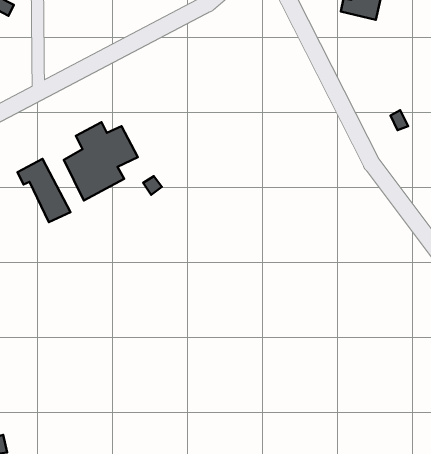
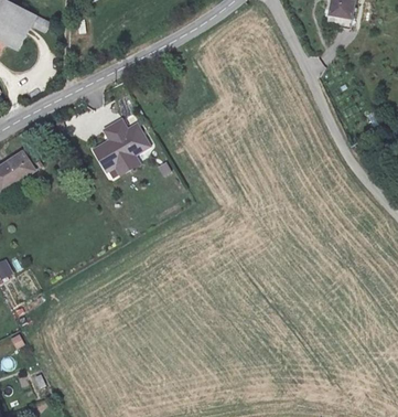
building: [18,159,70,222] -> none

